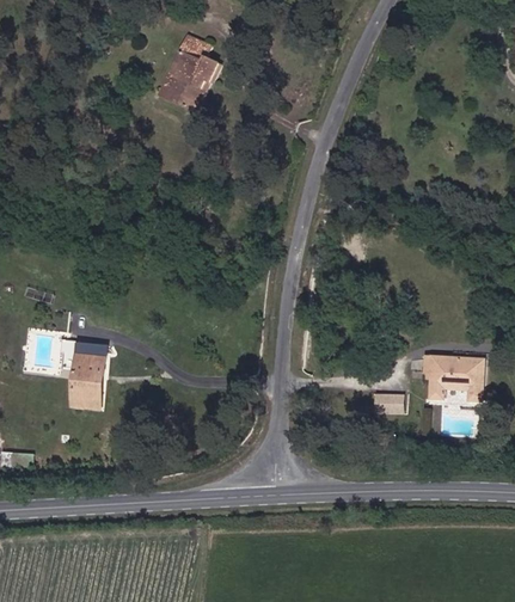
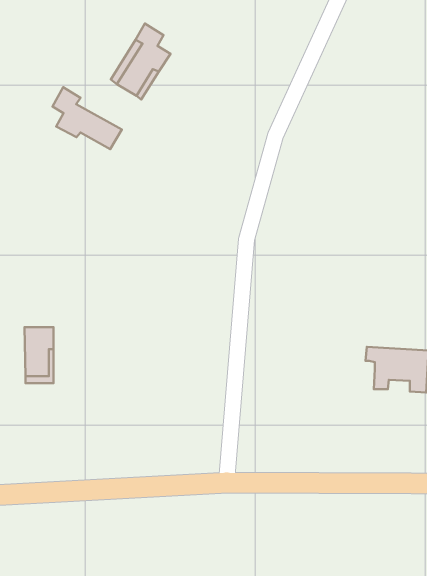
building: none -> [52,87,122,149]
building: [378,397,411,417] -> none

